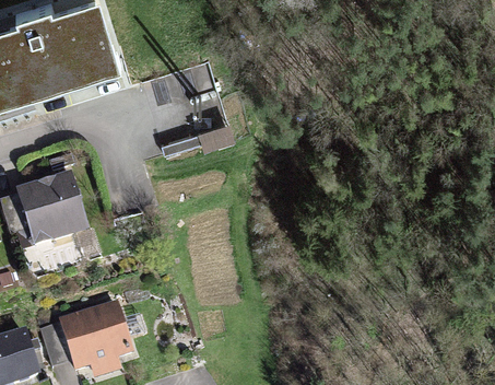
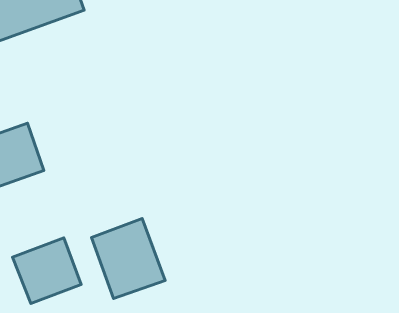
building: none -> [91,218,165,299]

